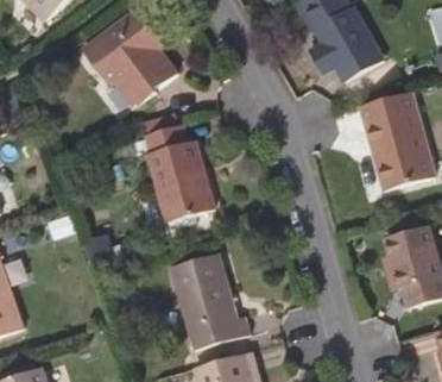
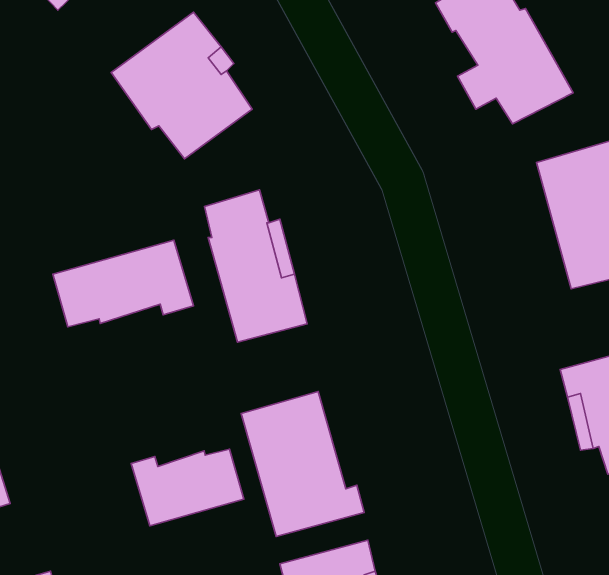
building: none -> [53,240,194,327]
building: none -> [131,449,244,526]

